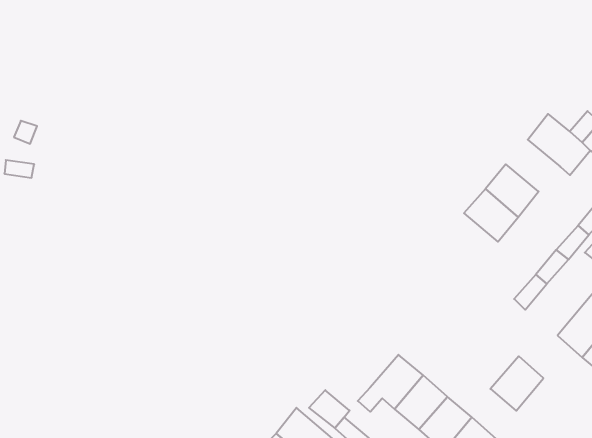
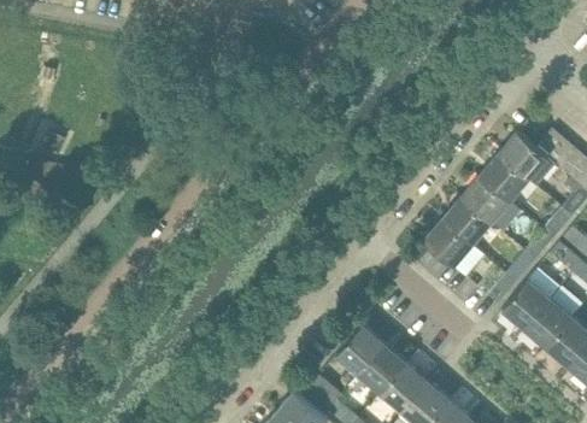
building: none -> [480,155,528,201]
building: none -> [423,221,485,278]
building: none -> [336,327,385,375]
building: [490,356,543,411] -> [503,281,550,329]

